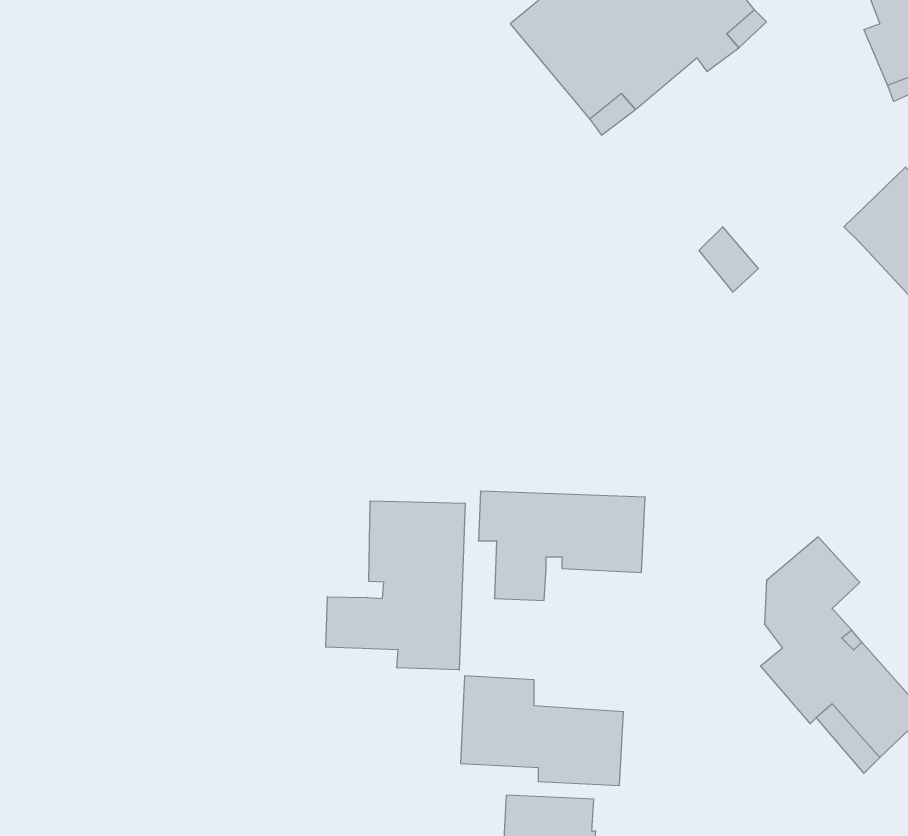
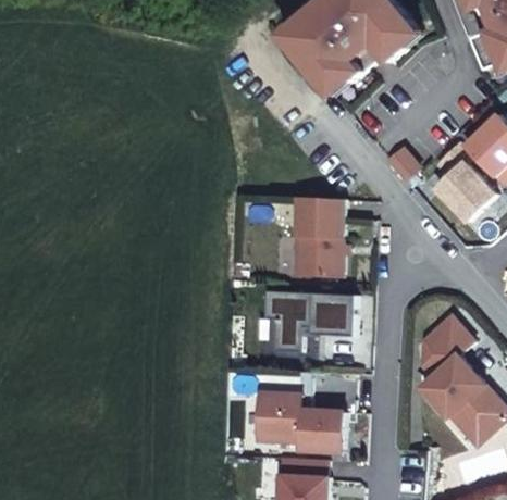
building: none -> [435,142,494,222]
building: none -> [293,197,343,277]
building: [326,501,465,670] -> none

